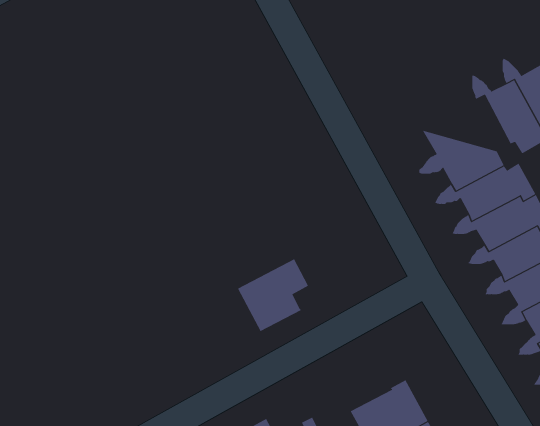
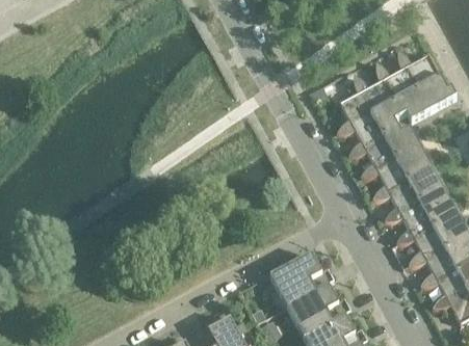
building: none -> [338,73,402,116]
building: [237,258,309,332] -> [269,251,321,304]

